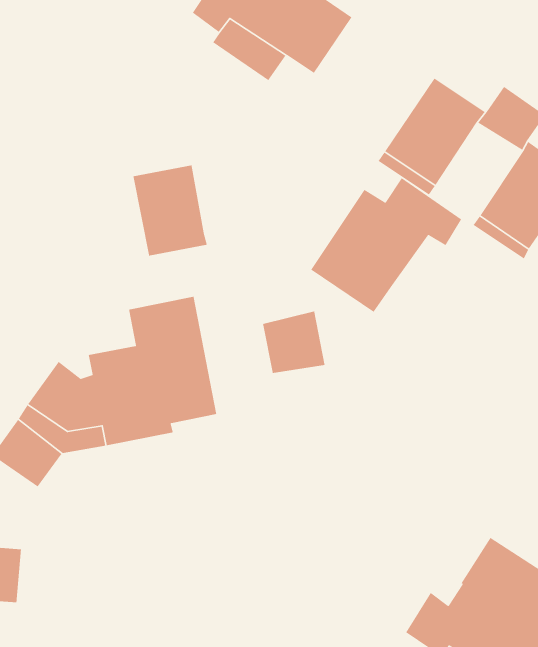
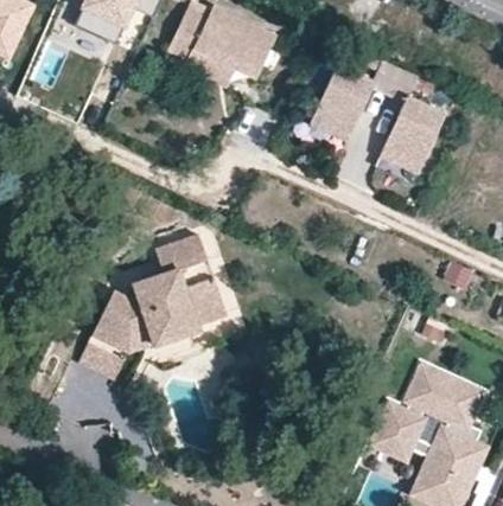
building: [133,165,208,257] -> none
building: [310,177,462,313] -> none
building: [262,310,326,374] -> none

